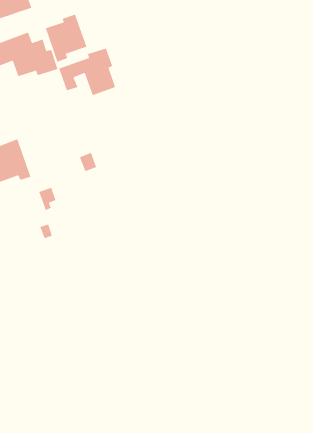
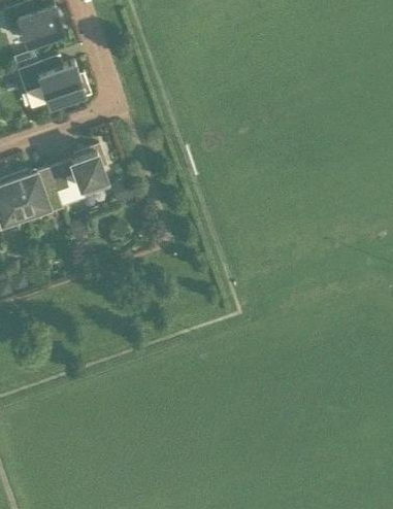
building: [45,13,88,63] -> none
building: [58,48,116,107] -> [46,147,108,210]

